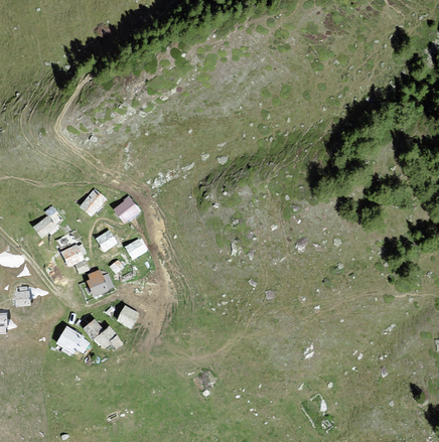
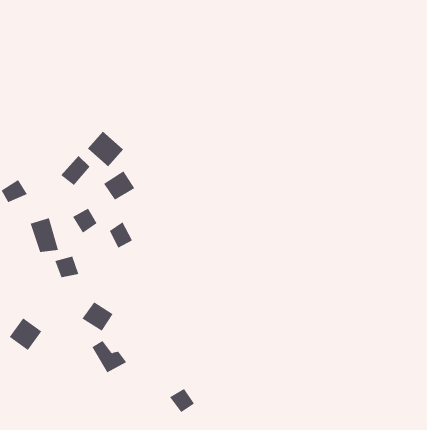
building: none -> [87,131,124,167]
building: [87,320,117,346] -> [92,340,127,373]

